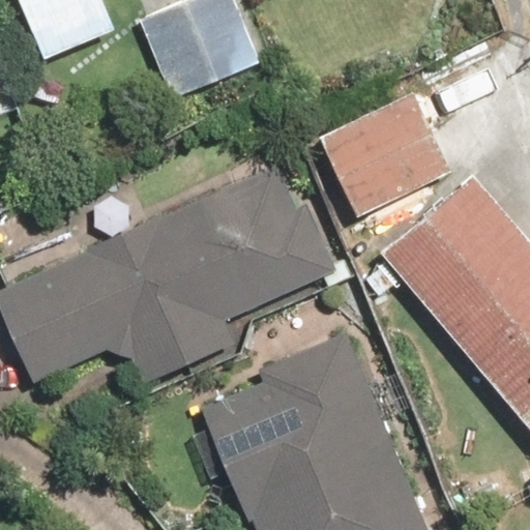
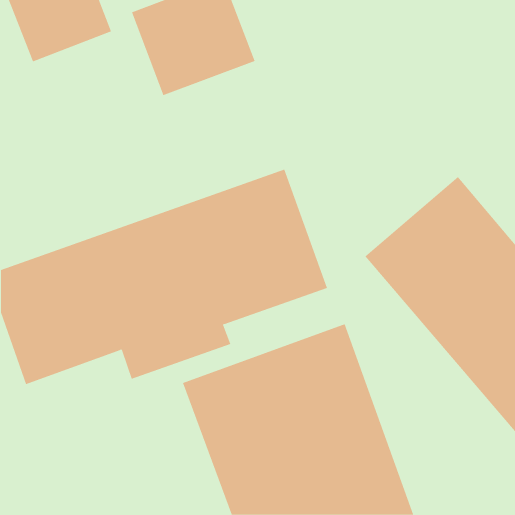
building: [329,88,453,208] -> none

